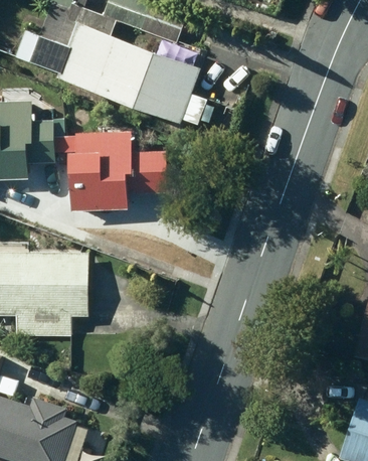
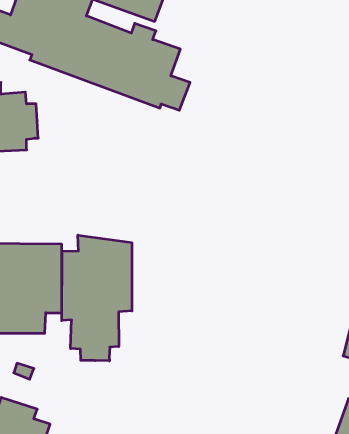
building: [63,131,166,213] -> none
building: none -> [62,235,132,361]

